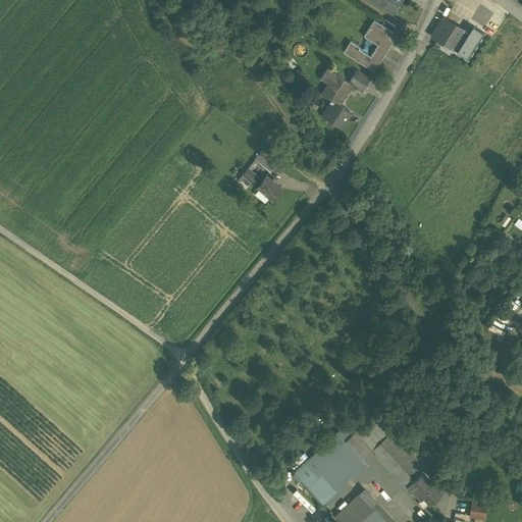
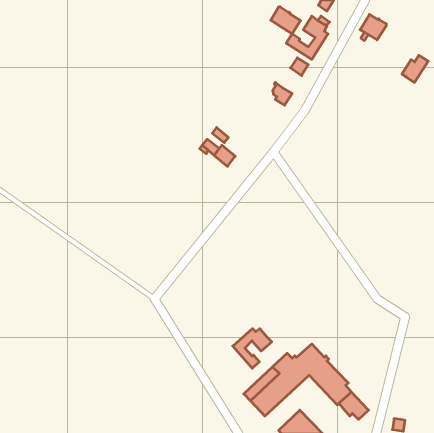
building: none -> [271,7,301,34]
building: [453,27,484,59] -> [402,55,428,82]
building: [321,68,352,106] -> none
building: none -> [233,329,272,368]

